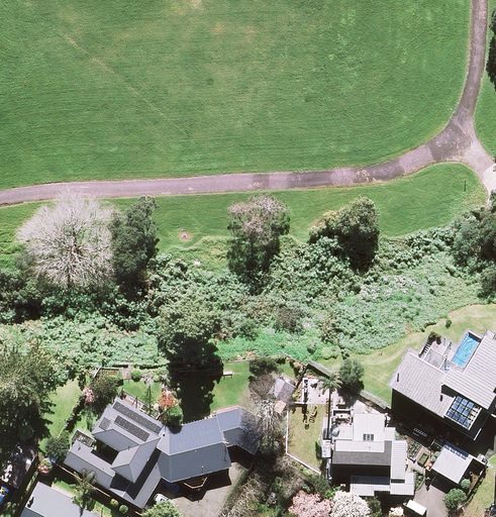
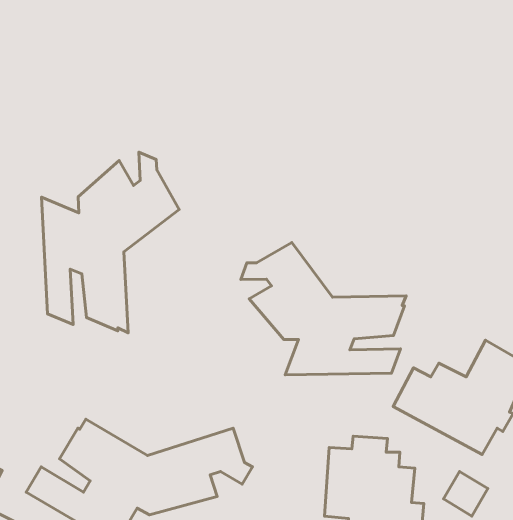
building: none -> [42,152,179,333]
building: none -> [241,243,406,375]

